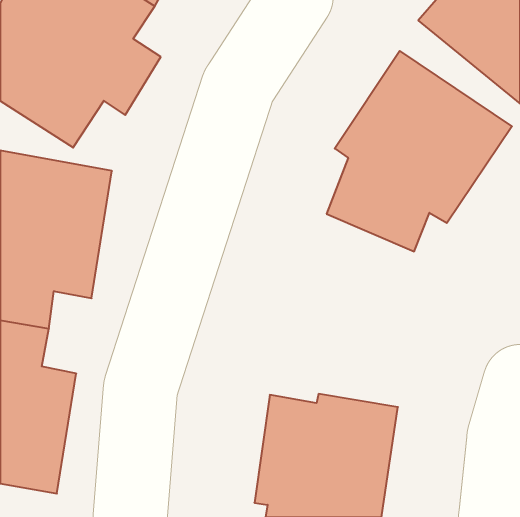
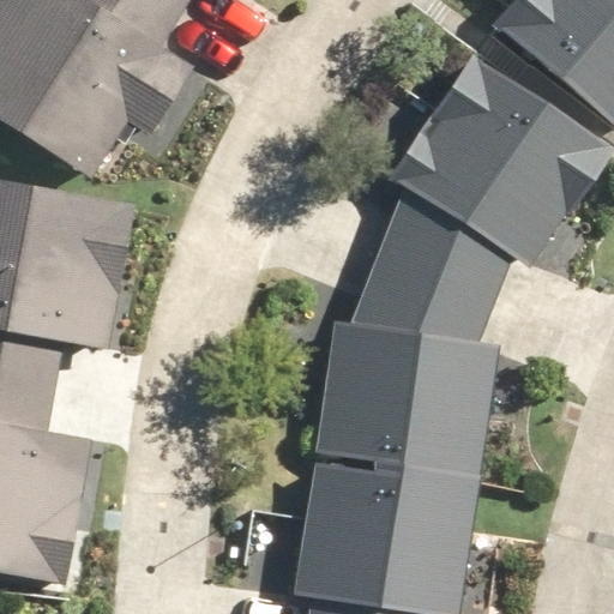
building: none -> [320,252,488,480]

